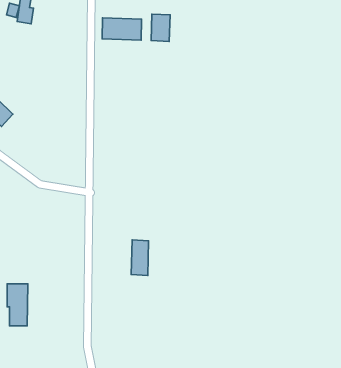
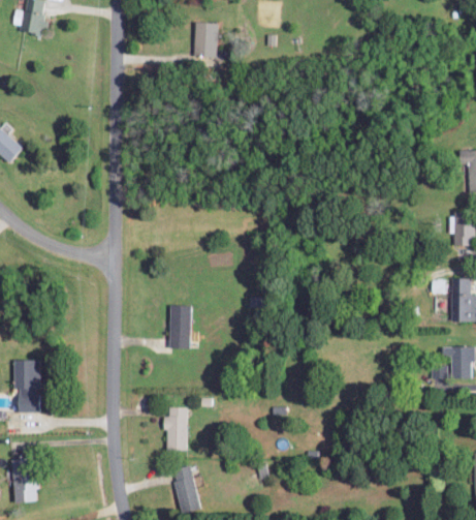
building: [102,18,141,40] -> none
building: none -> [163,407,188,451]

